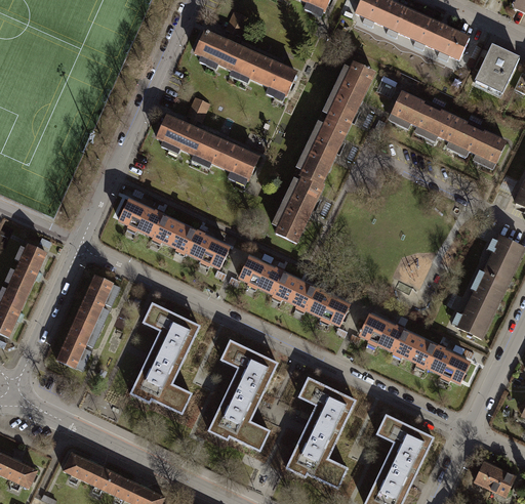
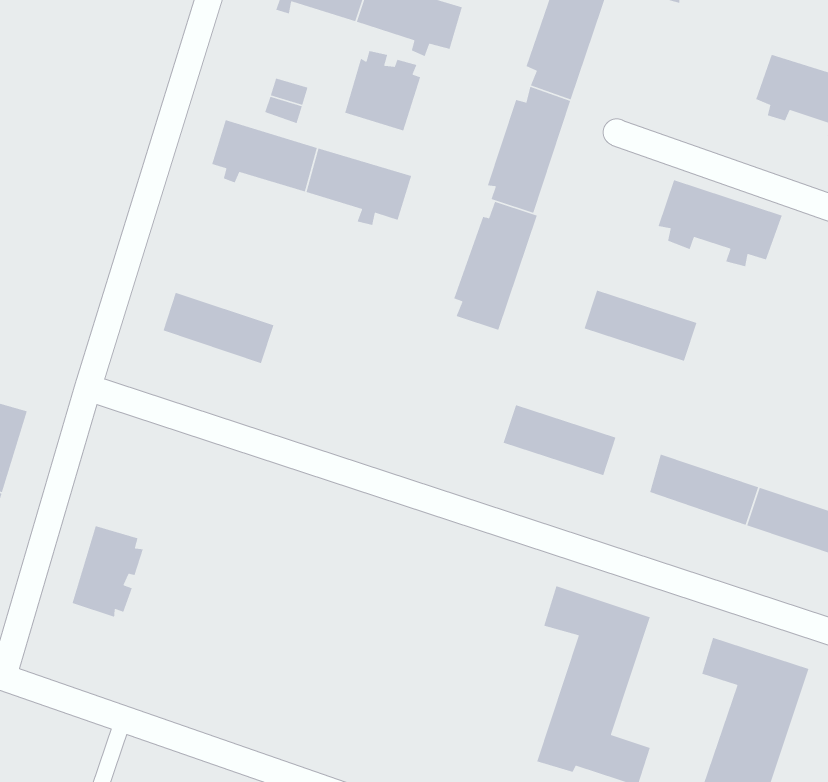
building: none -> [344,50,421,131]
building: [388,90,453,140] -> [658,179,783,267]
building: [169,224,229,267] -> none
building: [239,257,298,300] -> [584,290,698,362]
building: [73,277,114,326] -> none
building: [129,301,200,412] -> none
building: [208,339,278,450] -> none

